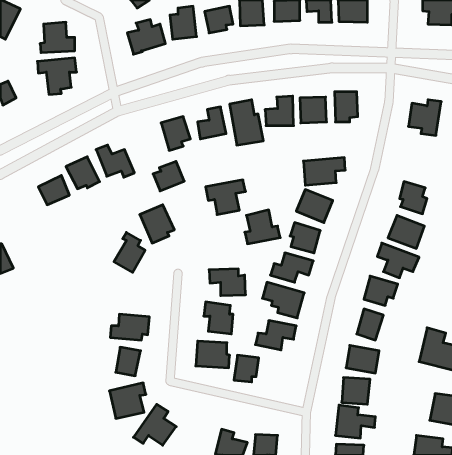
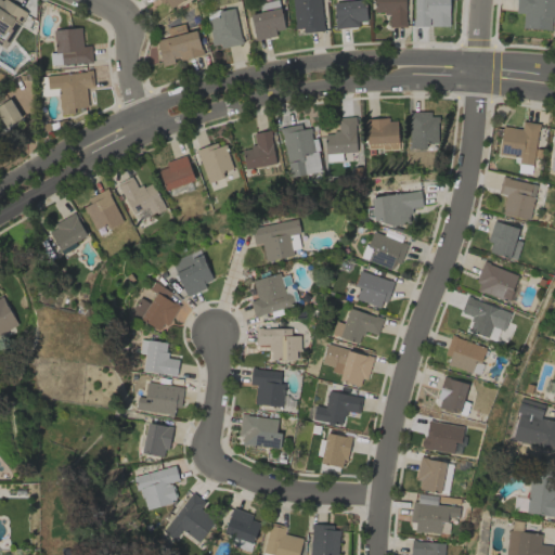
building: none -> [500,177,540,220]
building: [153,161,184,191] -> [159,155,197,191]
building: [245,210,280,244] -> [253,273,296,314]
building: none -> [141,338,181,376]
building: [234,355,259,382] -> [323,434,353,466]
building: none -> [225,507,262,544]

